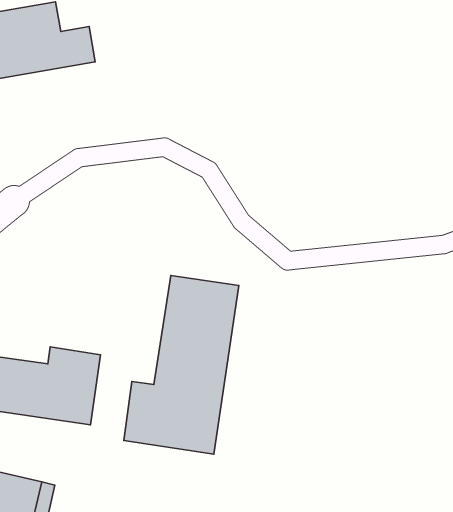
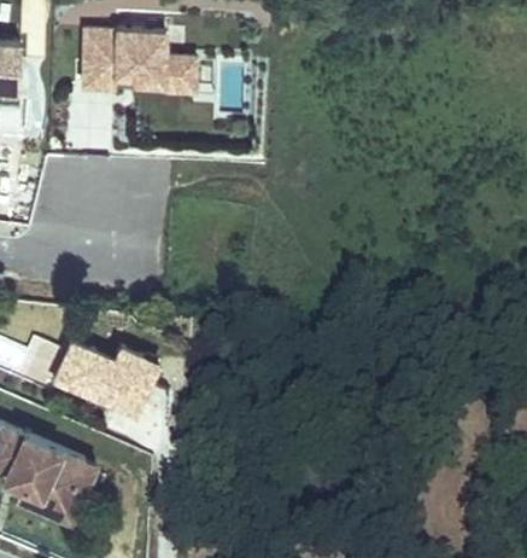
building: [124,275,239,454] -> none

